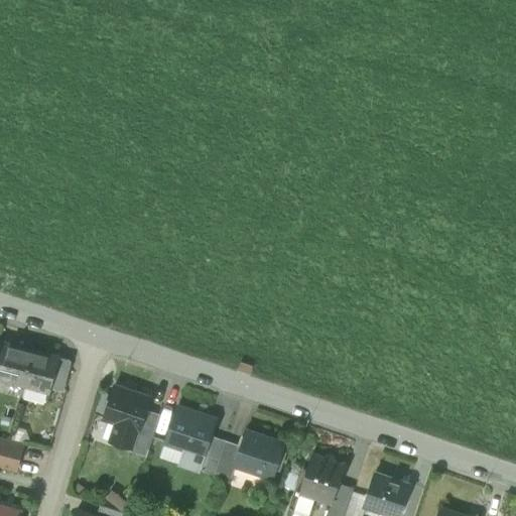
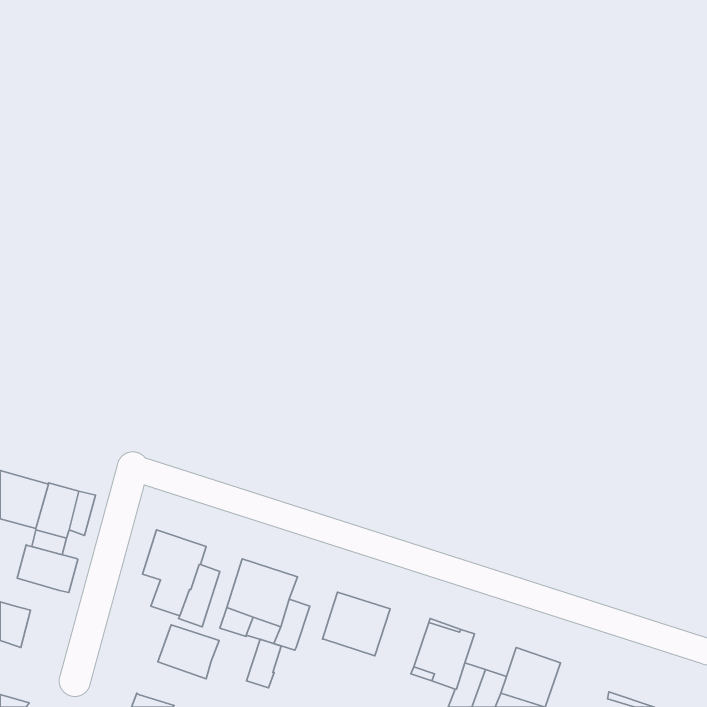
building: none -> [17,545,78,593]
building: [216,441,241,477] -> [246,639,281,688]
building: none -> [158,625,219,679]

